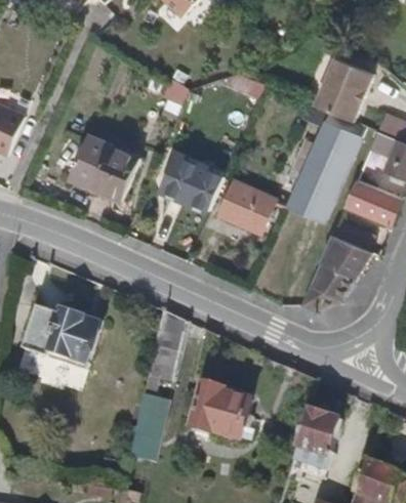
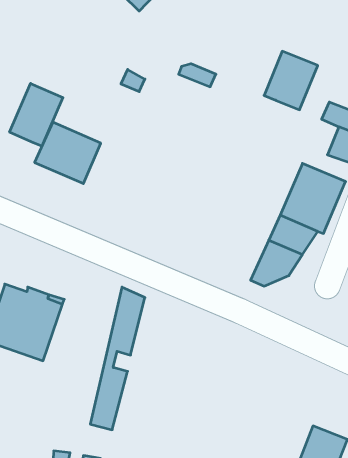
building: none -> [10,83,63,146]
building: [286,111,364,221] -> none
building: [161,153,224,210] -> none
building: [218,178,278,233] -> none
building: [190,383,254,442] -> none
building: [297,409,341,469] -> none

